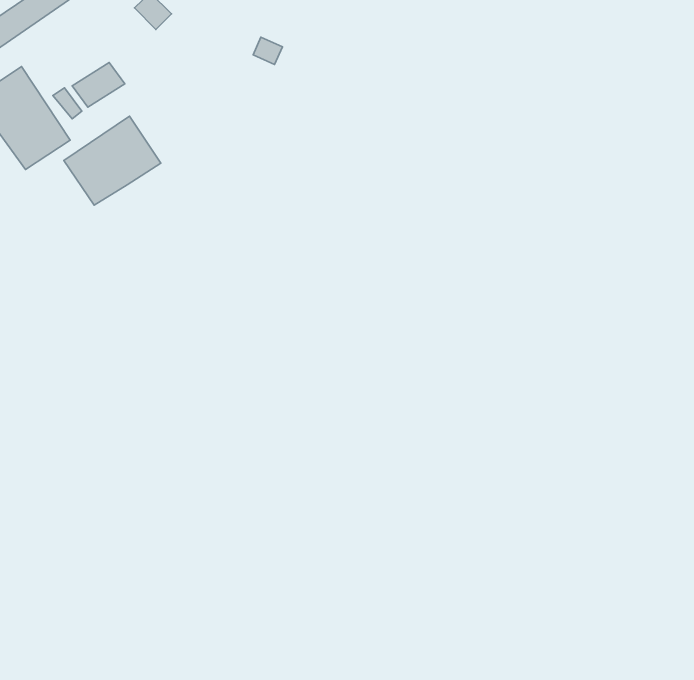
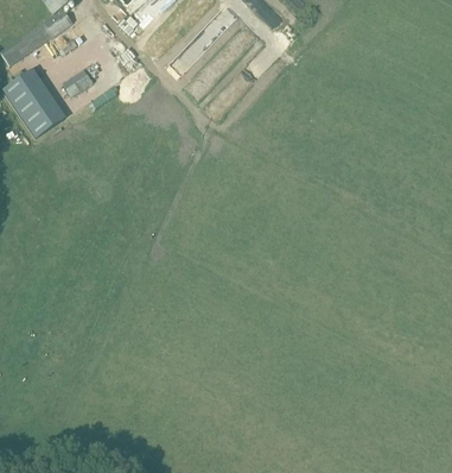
building: [64,116,161,205] -> none

